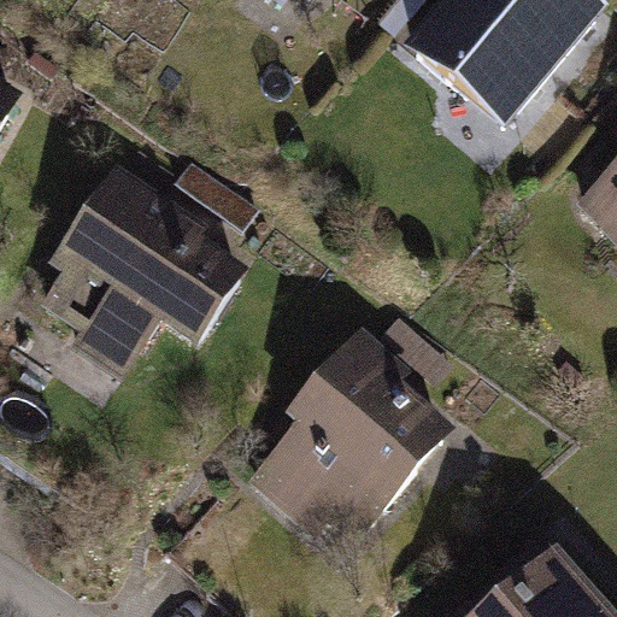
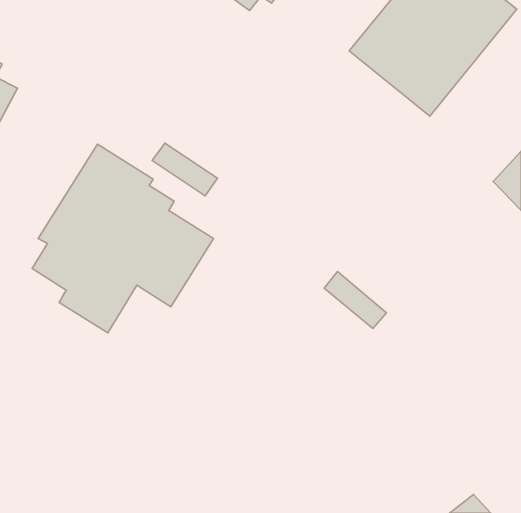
building: [245,334,449,553] -> none

